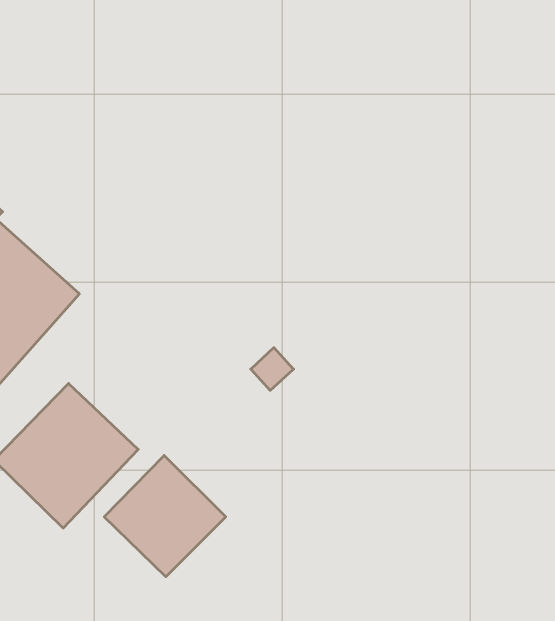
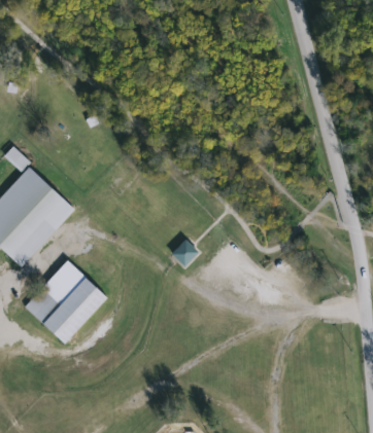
building: [104,455,226,577] -> none

